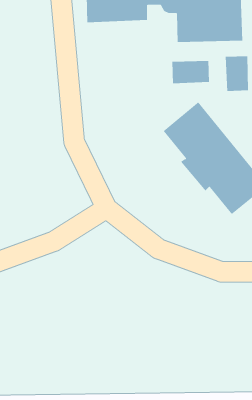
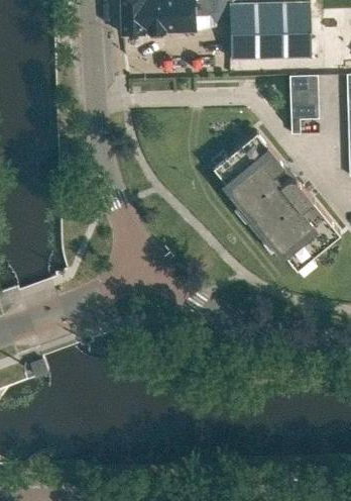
building: [172,60,209,84] -> none

